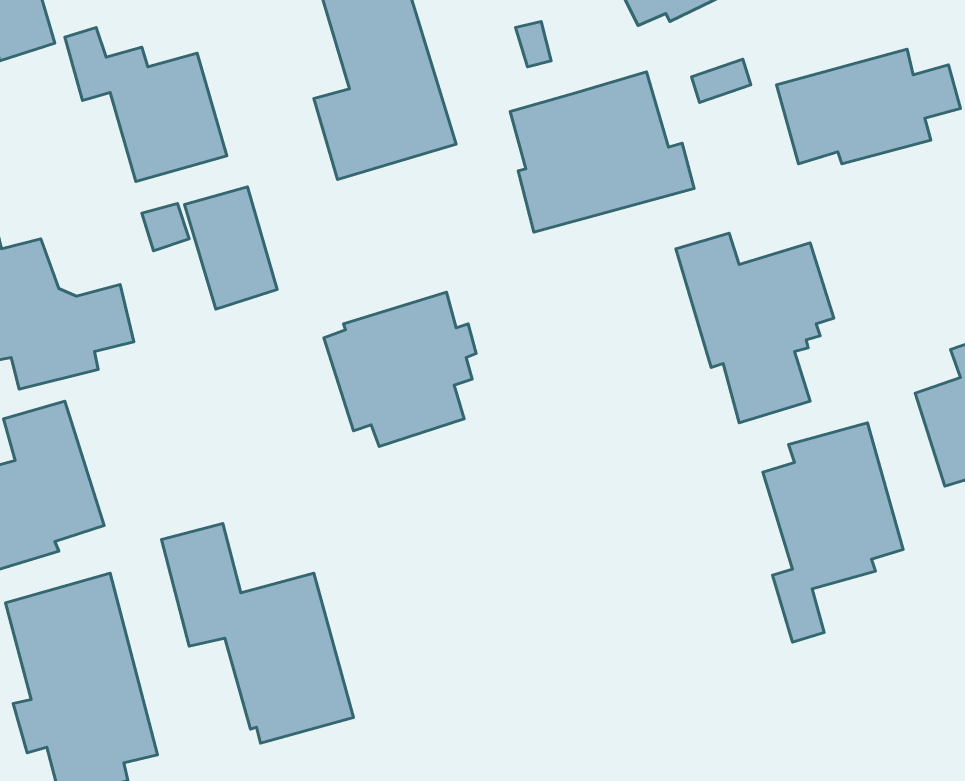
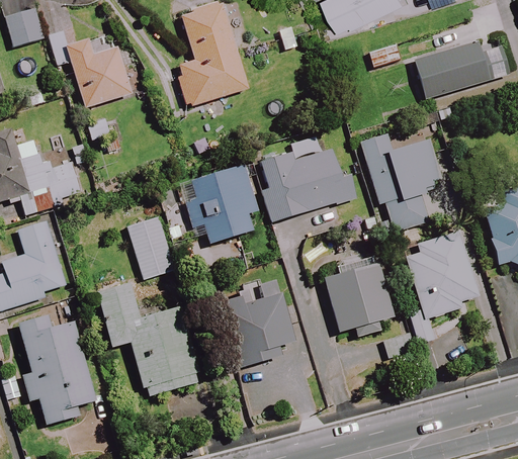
building: [510,72,694,232] -> [260,139,354,220]
building: [184,187,277,309] -> [127,217,175,280]
building: none -> [324,255,394,331]
building: none -> [224,278,294,366]

